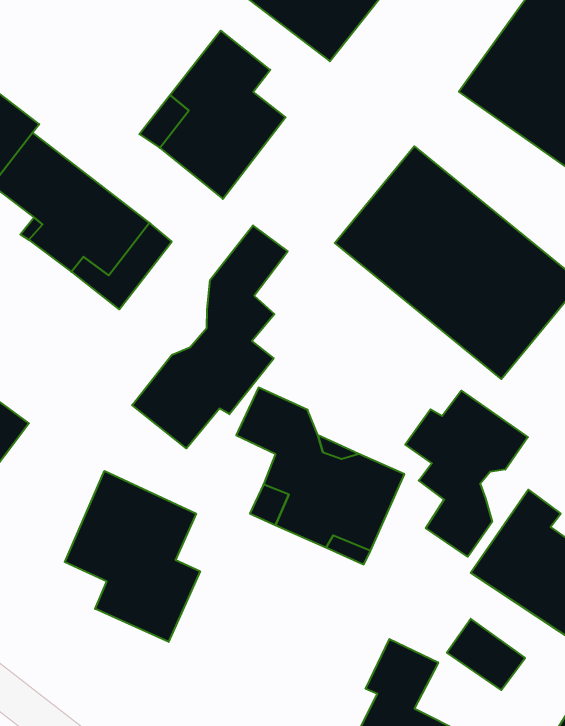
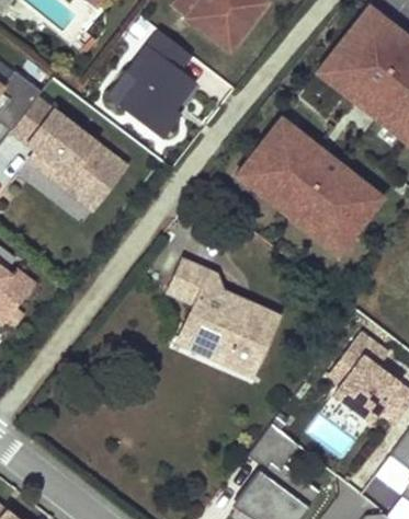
building: [132,225,288,448] -> none
building: [405,391,528,557] -> none
building: [65,471,200,642] -> none

